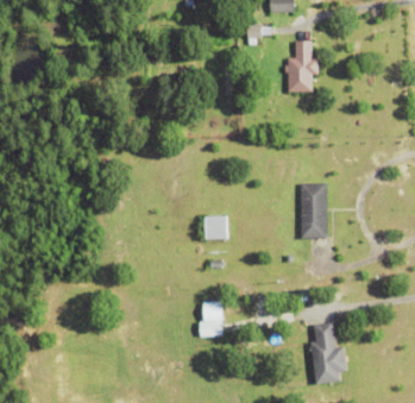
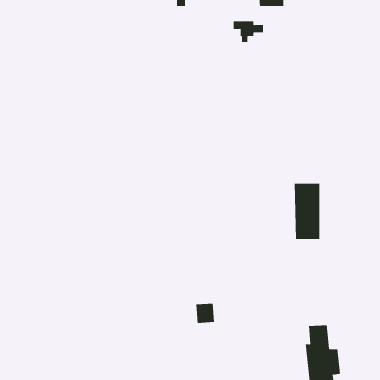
building: [288,40,319,92] -> none
building: [205,216,227,240] -> none

